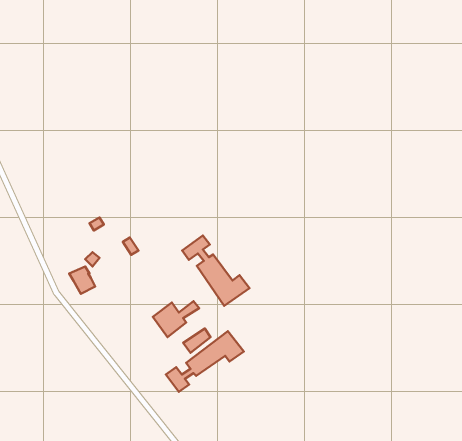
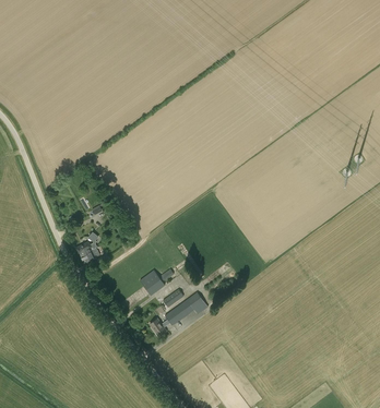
building: [182,235,249,306] -> none

